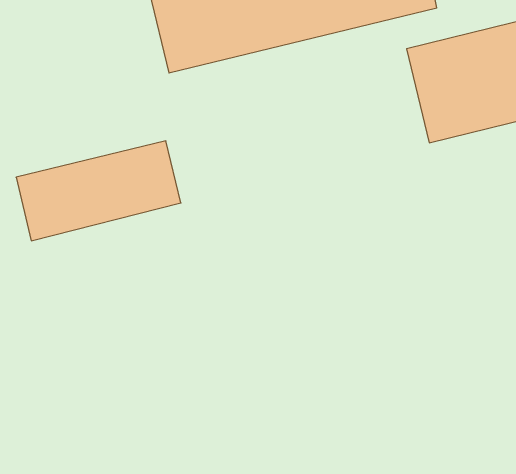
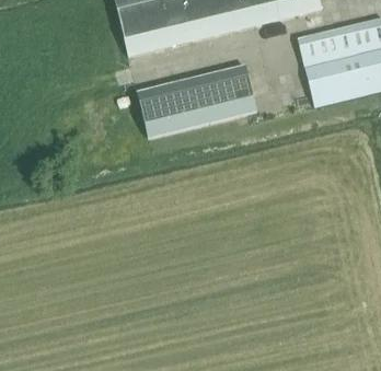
building: [16,141,181,241] -> [138,63,257,136]

